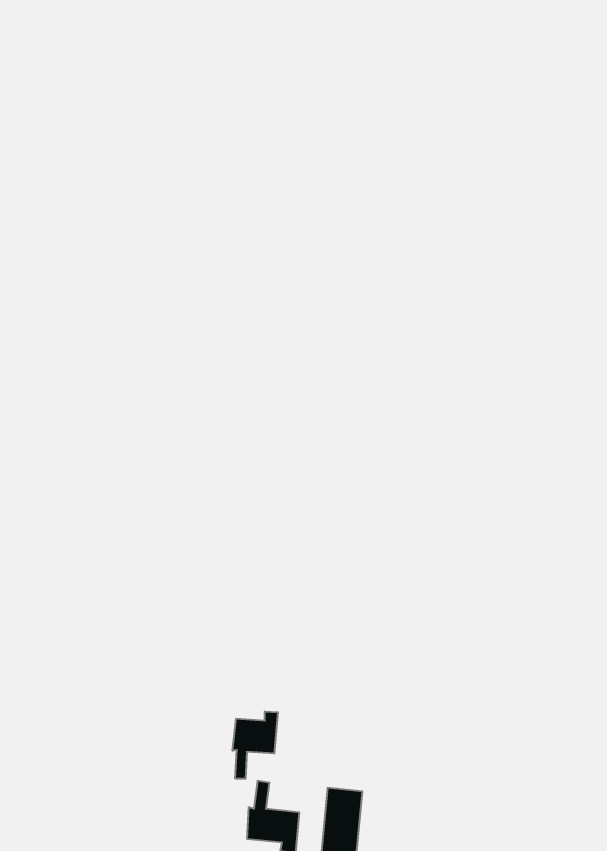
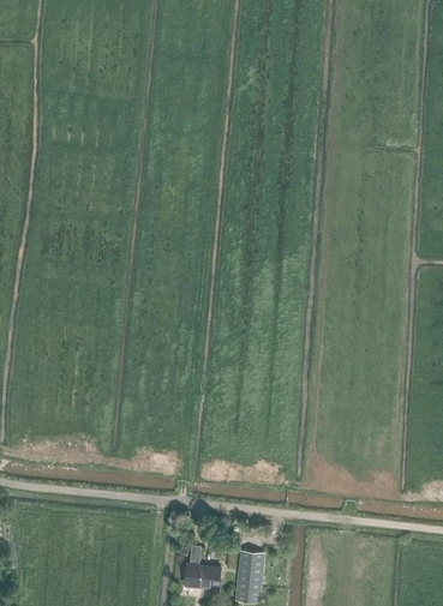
building: [232,711,278,779] -> none

